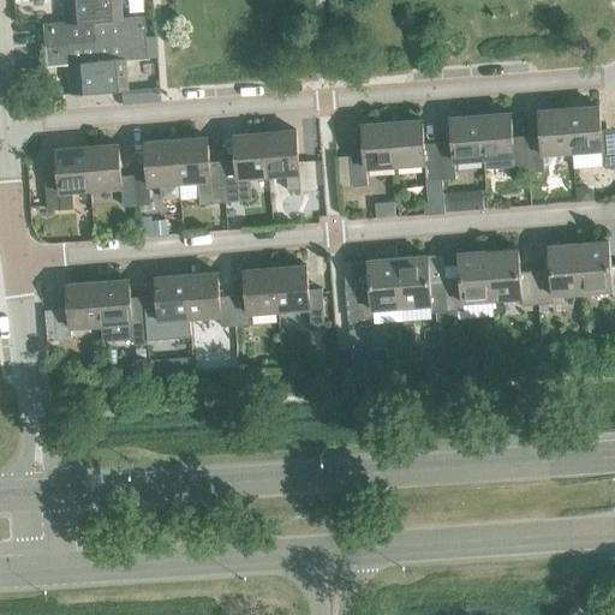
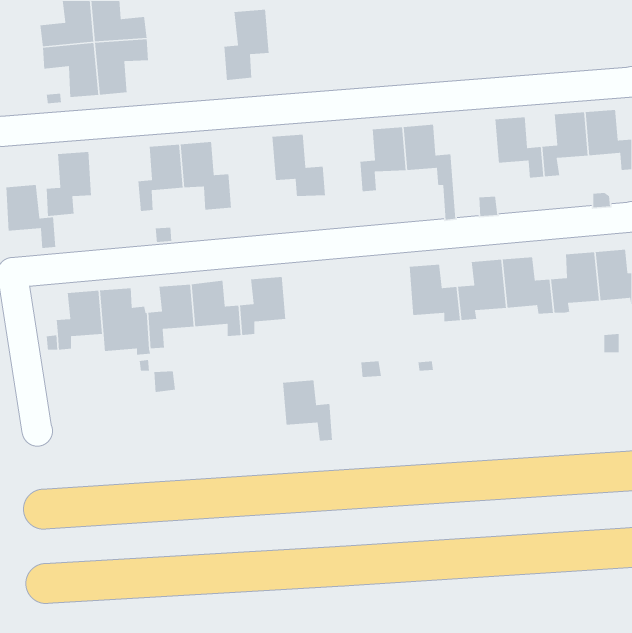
building: [437,115,483,179] -> none
building: [222,132,267,202] -> [224,9,269,81]
building: [86,144,136,207] -> [5,184,56,249]
building: [353,258,400,318] -> none
building: [274,265,323,326] -> [282,380,333,442]

